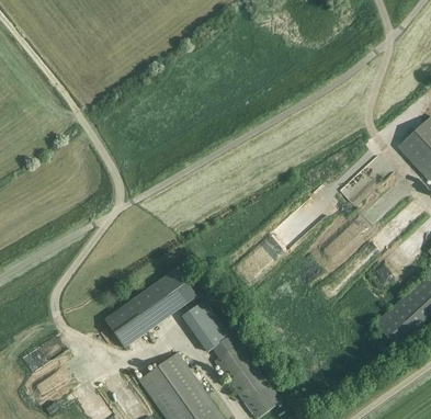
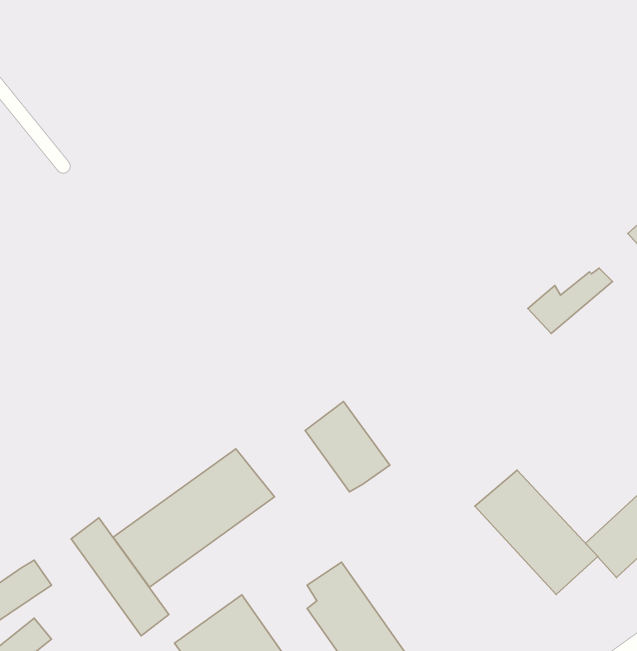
building: none -> [475,470,598,595]
building: [182,299,230,351] -> [305,402,390,492]
building: none -> [71,518,169,636]

